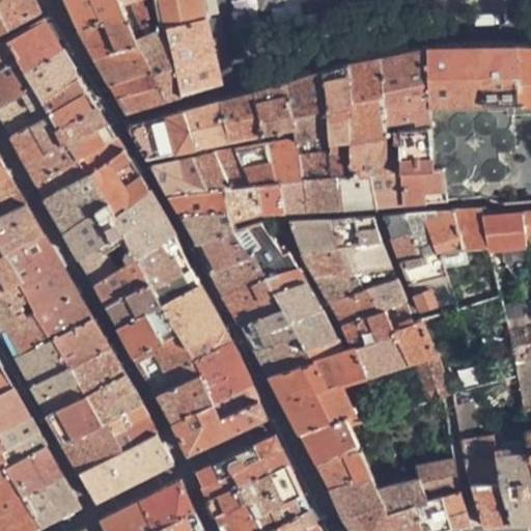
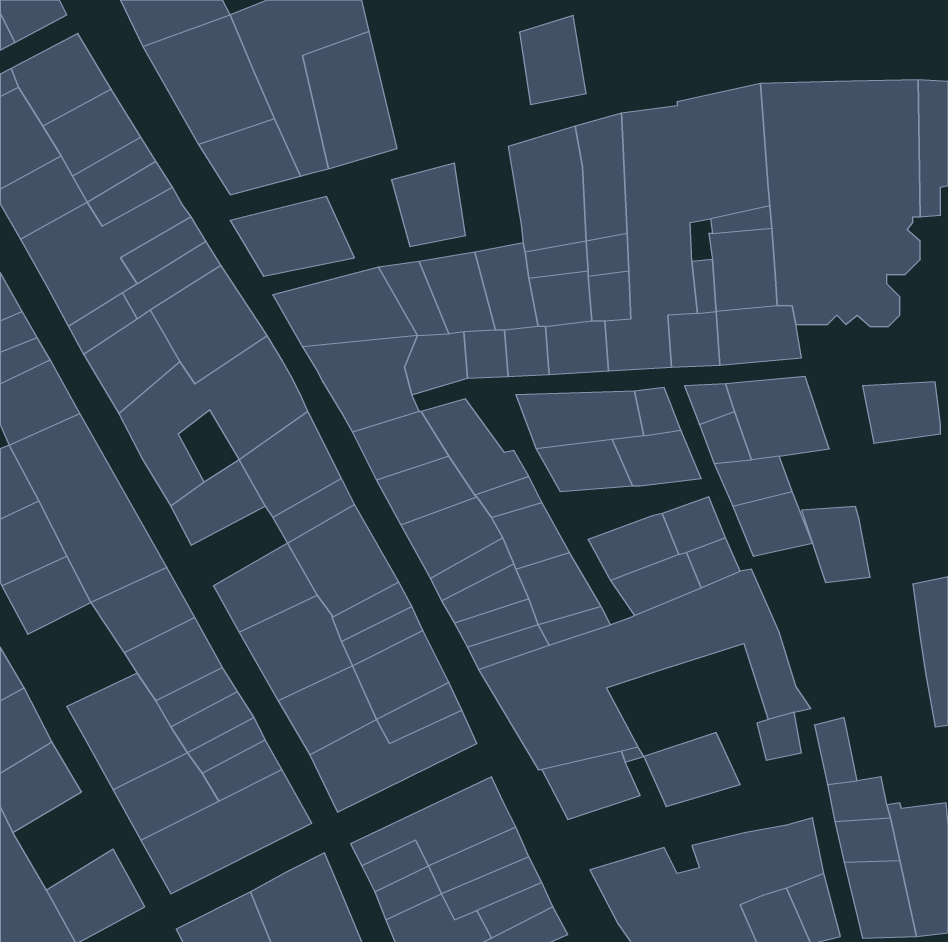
building: [254,85,291,135] -> [519,16,586,105]
building: [183,104,229,147] -> none
building: [450,212,488,254] -> [802,507,870,583]
building: [313,275,365,305] -> none
building: [107,286,161,331] -> none
building: [16,340,77,398] -> none
building: [7,446,63,501] -> none
building: [317,448,371,490] -> [644,732,740,807]

